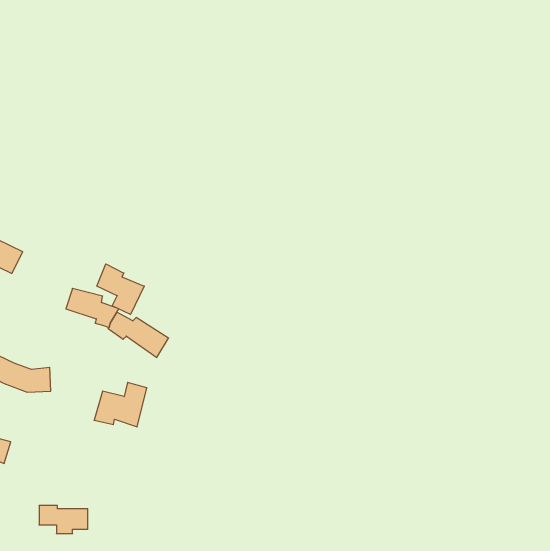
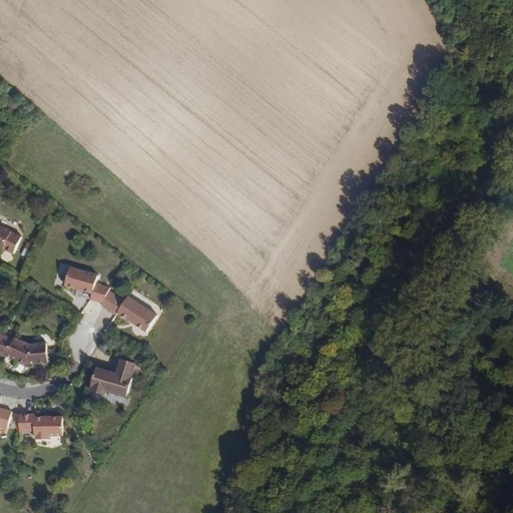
building: [97,264,144,314] -> none
building: [39,506,88,534] -> [17,413,62,439]

